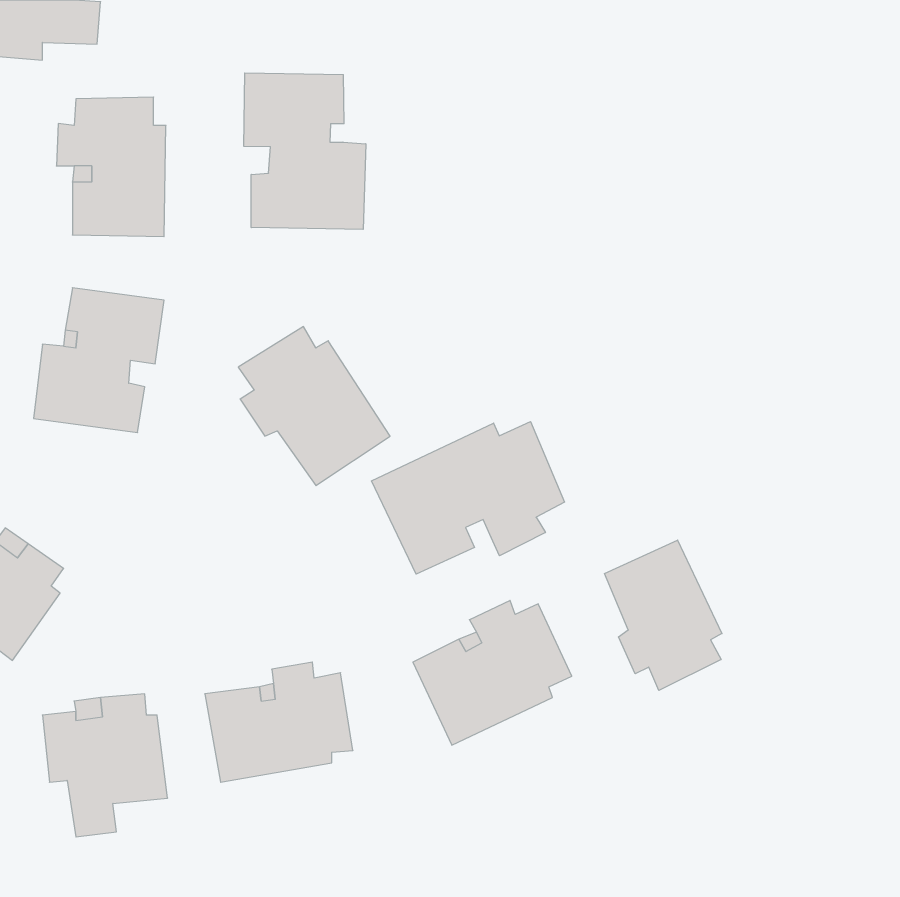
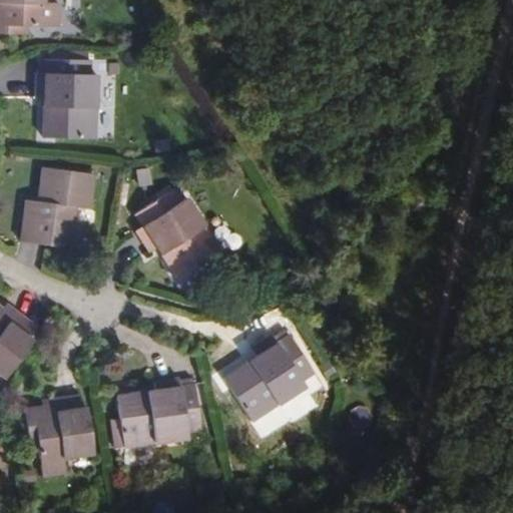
building: [244,73,366,229] -> none
building: [372,422,565,574] -> none
building: [604,540,722,690] -> none

